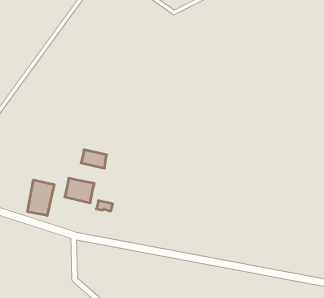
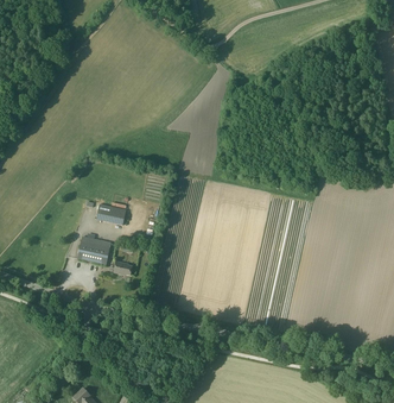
building: [28,180,54,216] -> none

